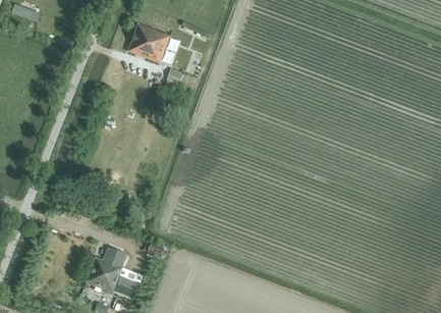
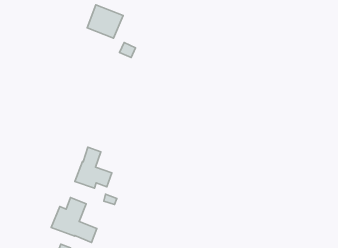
building: none -> [75,147,112,188]

